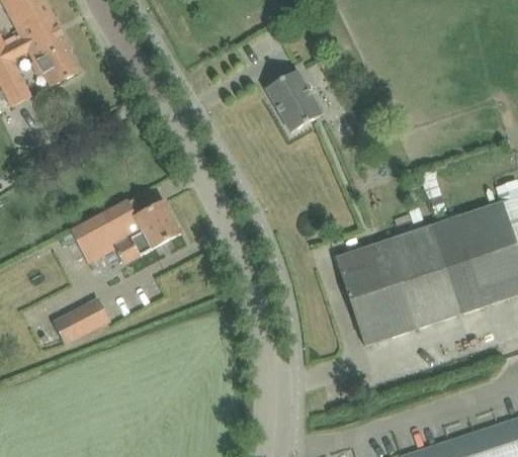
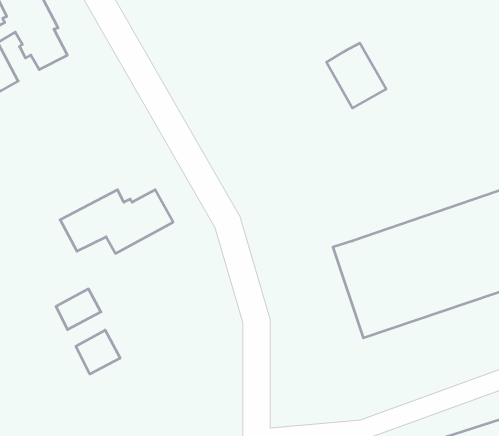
building: [265,69,323,131] -> [327,43,386,108]
building: none -> [76,330,120,374]

